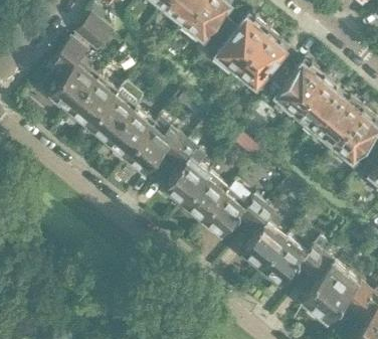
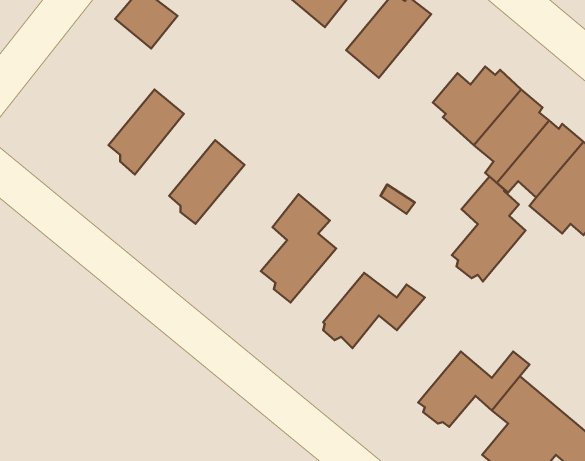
building: [238,32,288,88] -> none
building: [51,39,101,113] -> none
building: [88,83,145,144] -> none
building: [126,125,189,174] -> none
building: [184,176,229,221] -> none
building: [243,206,289,271] -> [452,176,525,281]

